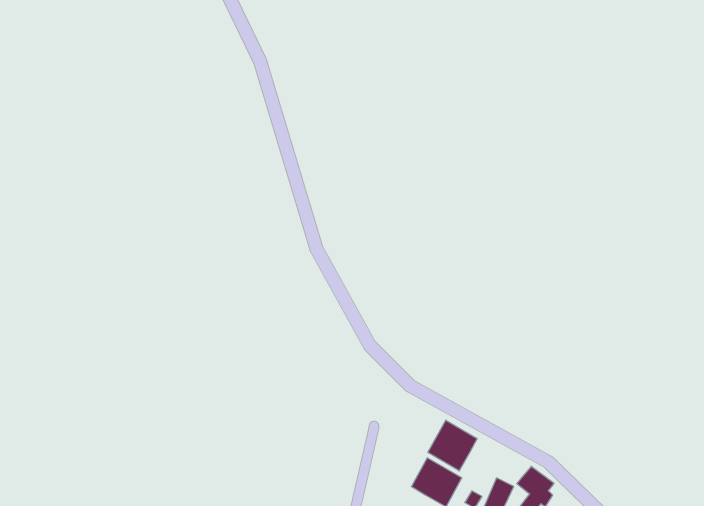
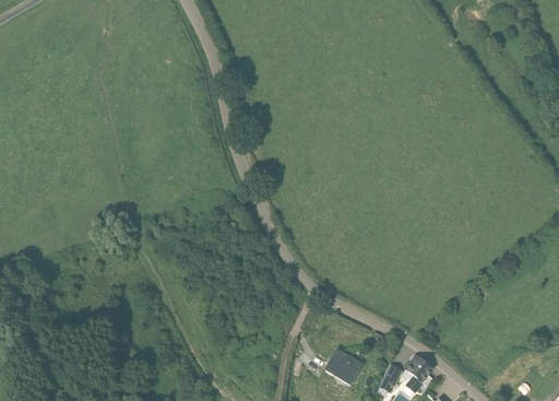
building: [428,420,477,471] -> none

